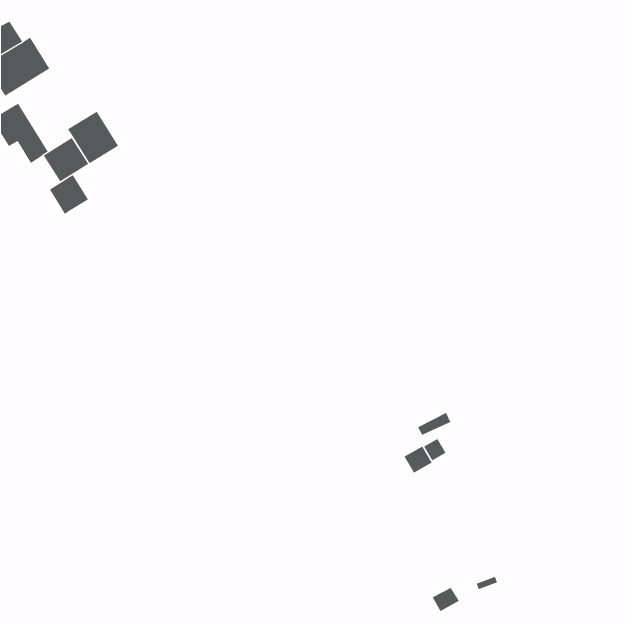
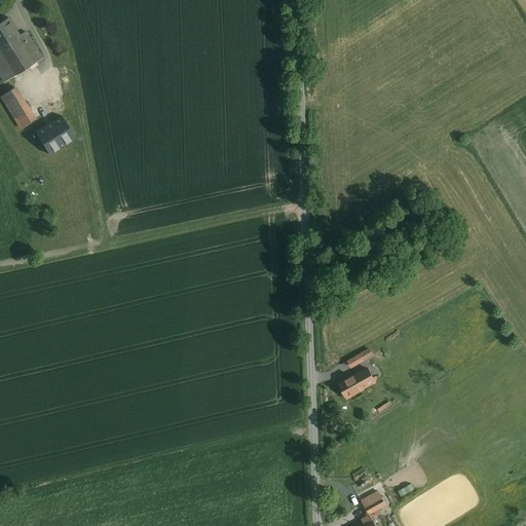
building: [67,111,119,164] -> none
building: [49,174,89,215] -> none

